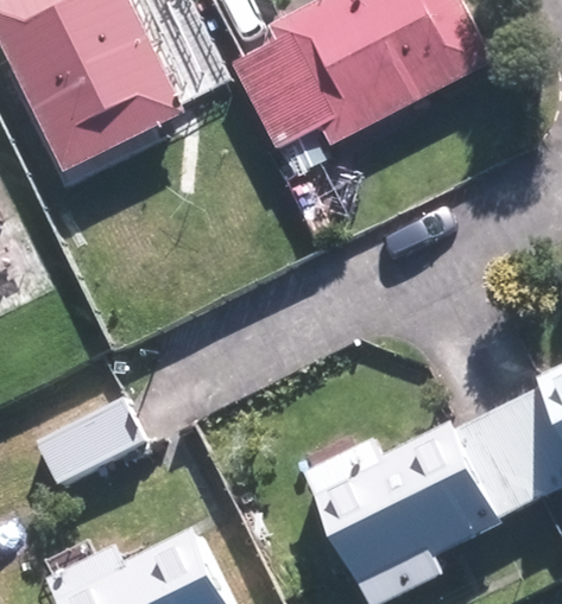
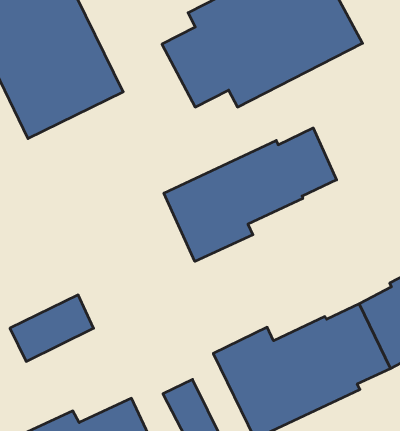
building: none -> [164,128,337,261]

